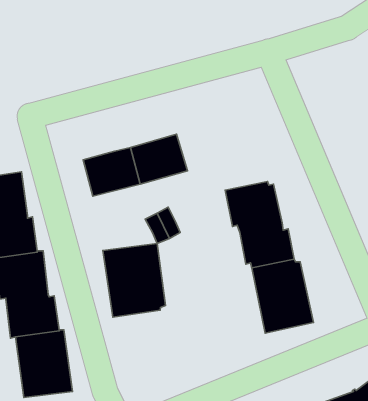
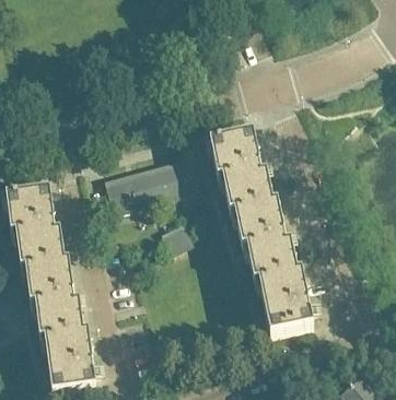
building: none -> [209,132,271,207]
building: [103,244,165,317] -> none

